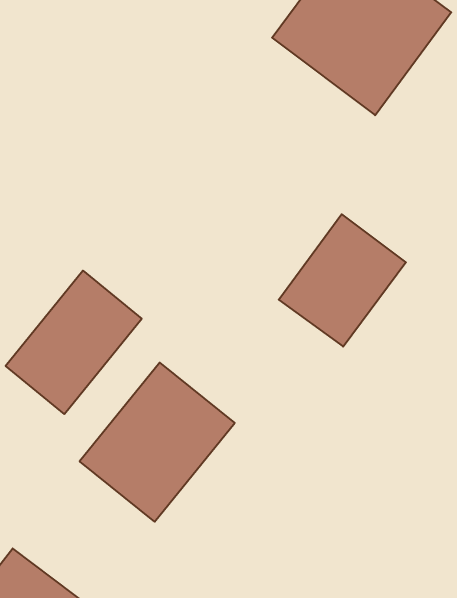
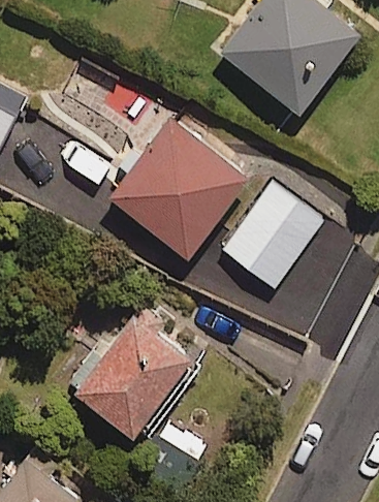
building: none -> [110,123,248,259]
building: [6,271,142,414] -> none

